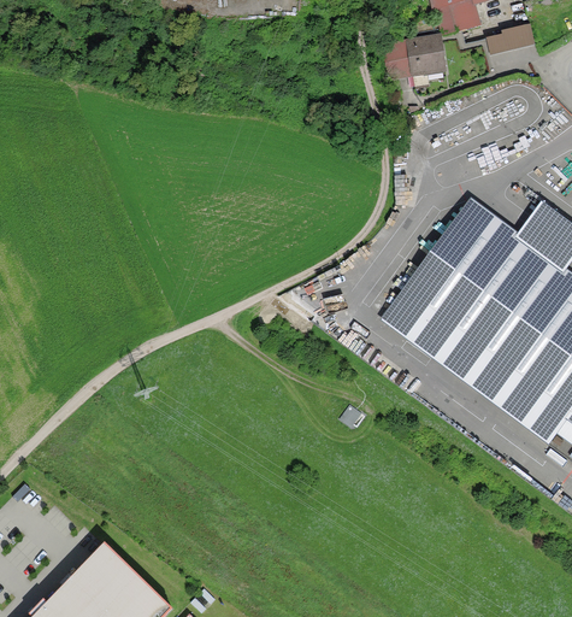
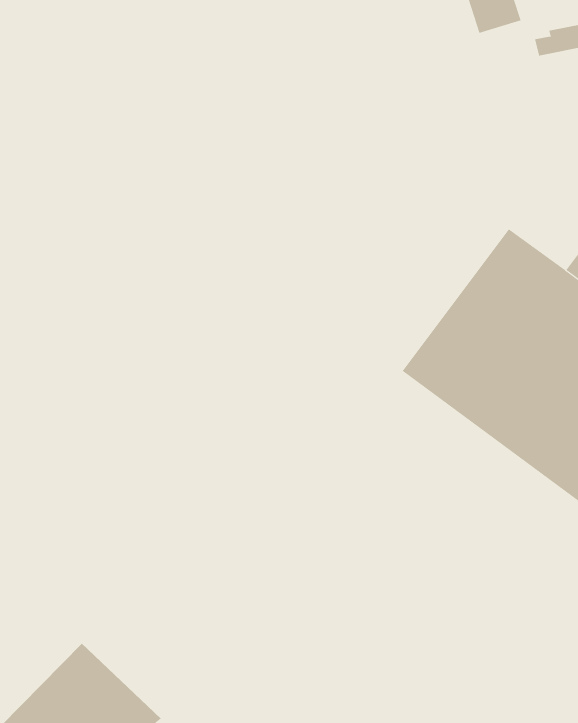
building: [385,35,447,76] -> none

